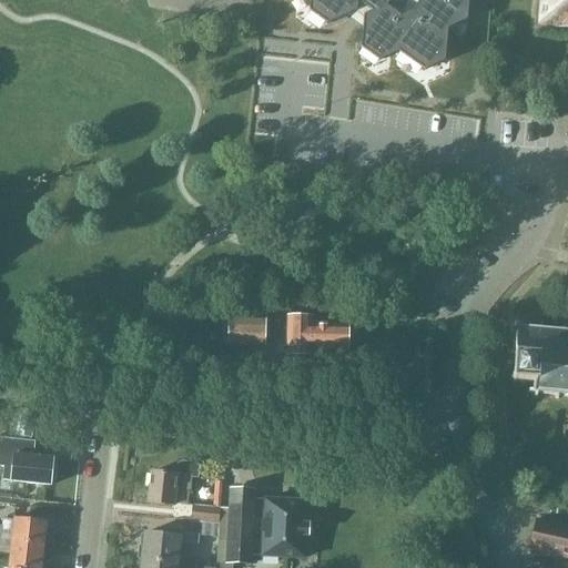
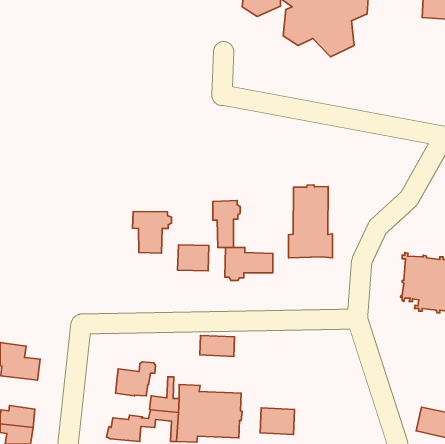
building: none -> [289,185,333,258]
building: none -> [213,200,240,247]
building: none -> [133,212,172,253]
building: none -> [200,335,234,357]
building: none -> [260,408,294,435]

